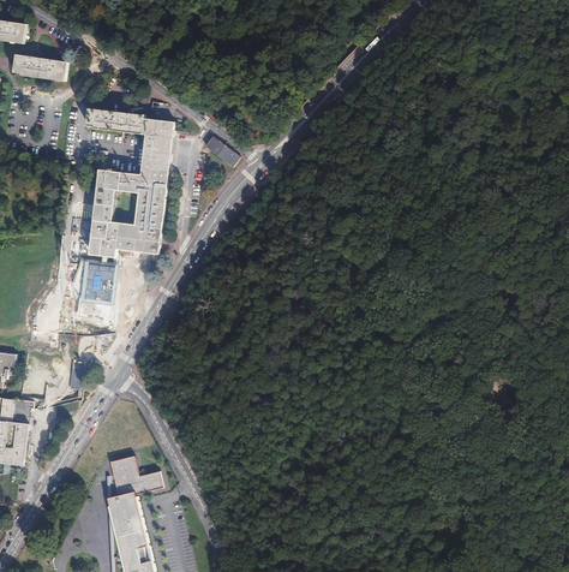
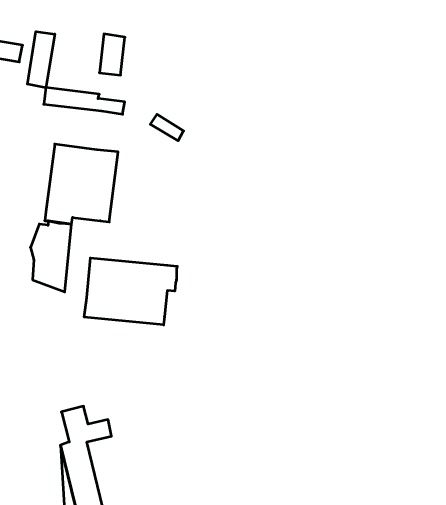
building: none -> [27,32,55,88]
building: [145,133,173,178] -> [99,34,125,75]
building: none -> [84,258,177,325]

